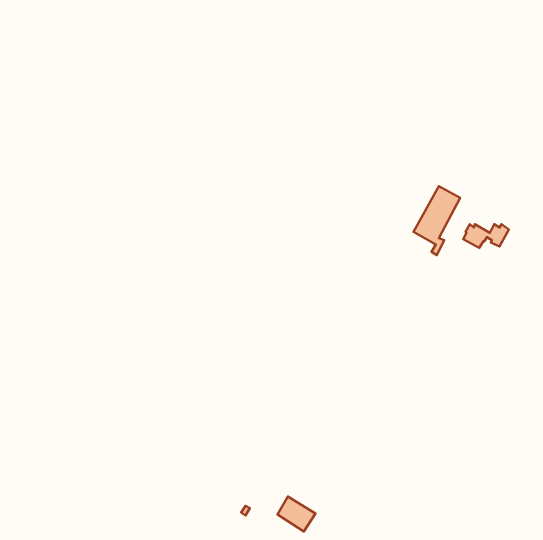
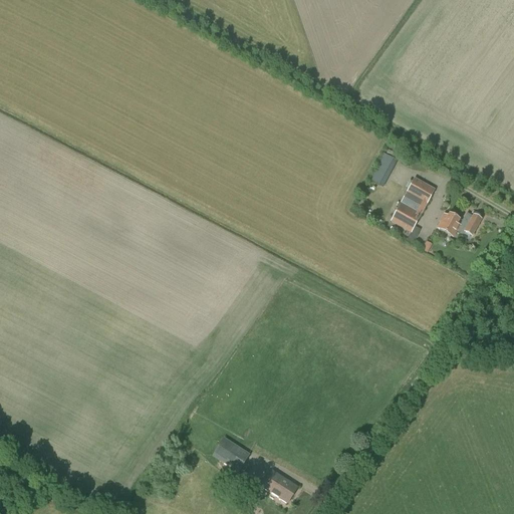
building: none -> [369,152,397,186]
building: none -> [212,436,250,471]

